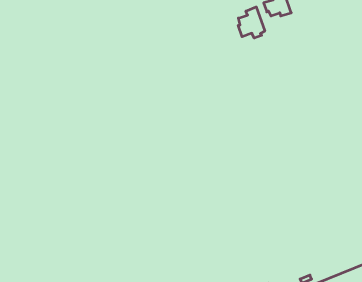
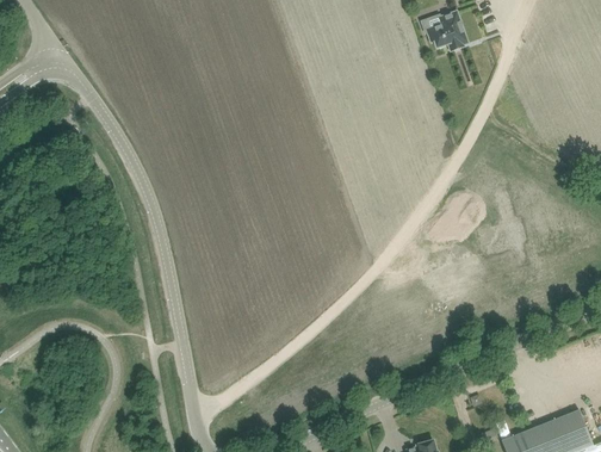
building: [238,7,265,38] -> none

